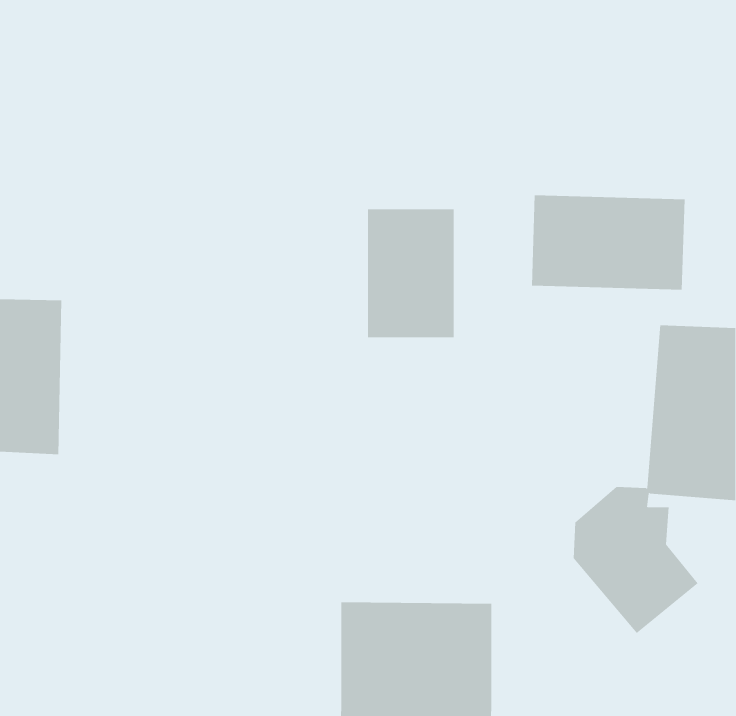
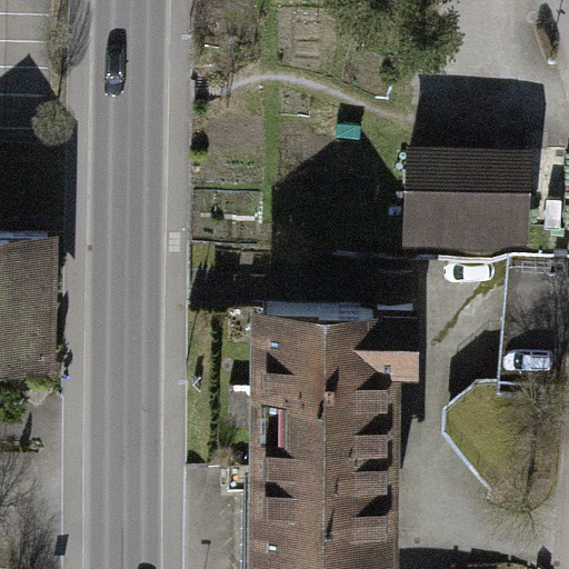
building: [367,208,454,338] -> none
building: none -> [262,280,412,481]

